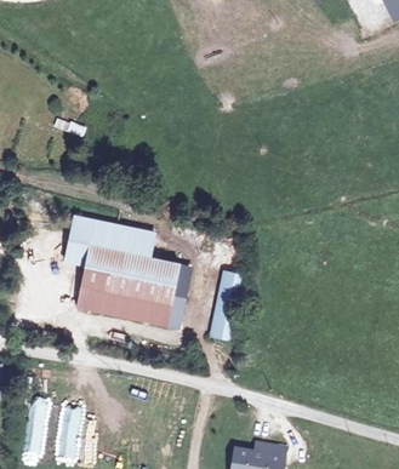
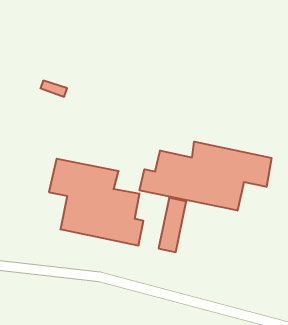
building: none -> [140,142,272,211]

